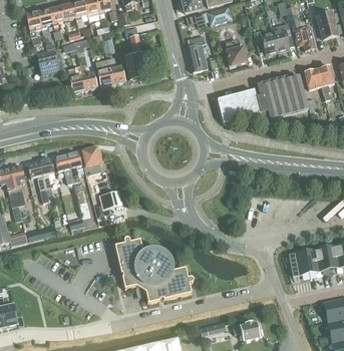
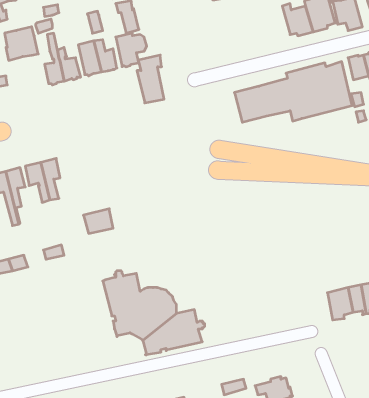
building: [187,35,208,72] -> [137,55,164,103]
building: [225,39,247,67] -> none
building: [81,146,101,174] -> none

